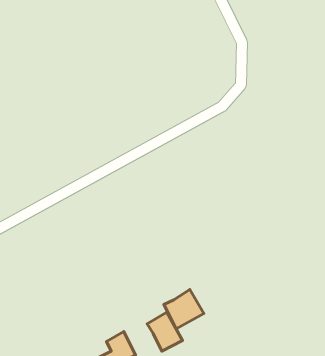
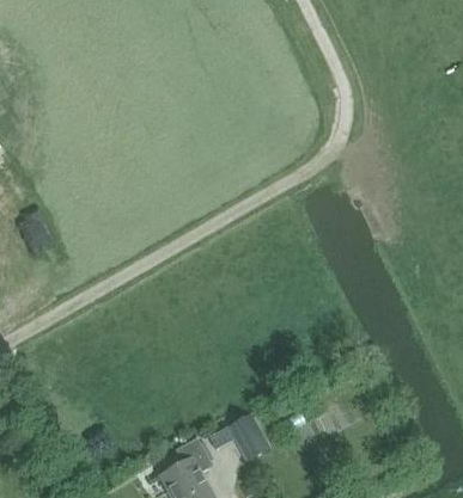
building: [164,290,204,329] -> none

